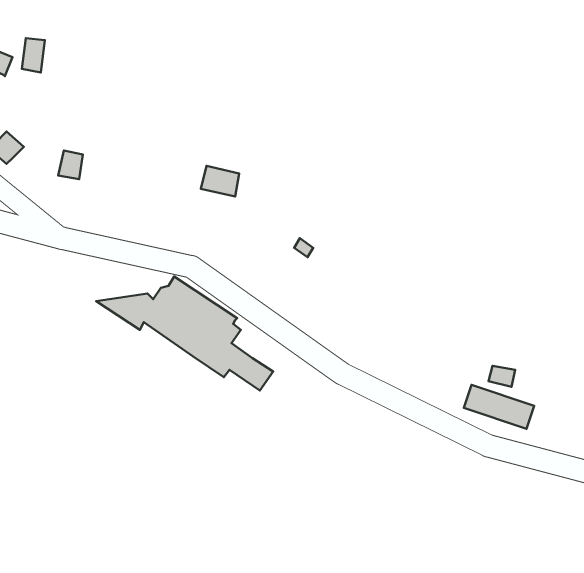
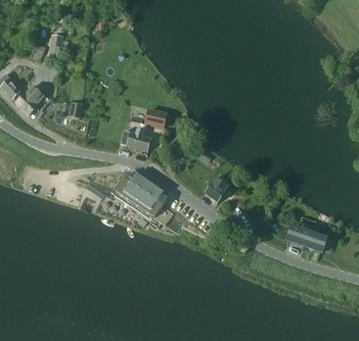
building: none -> [121,129,150,151]
building: none -> [205,174,231,202]

